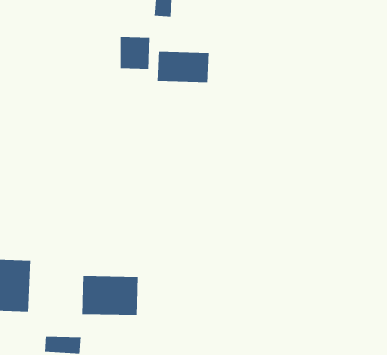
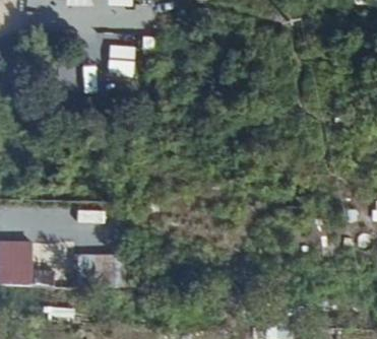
building: [157,51,210,83] -> none

